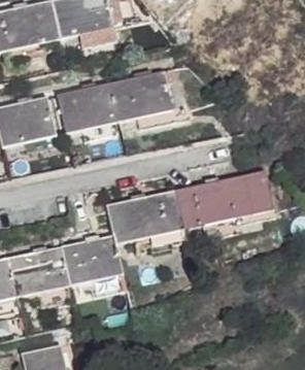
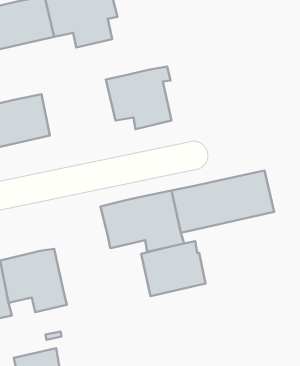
building: [57,80,120,141] -> none
building: [60,233,123,287] -> [141,241,206,296]

